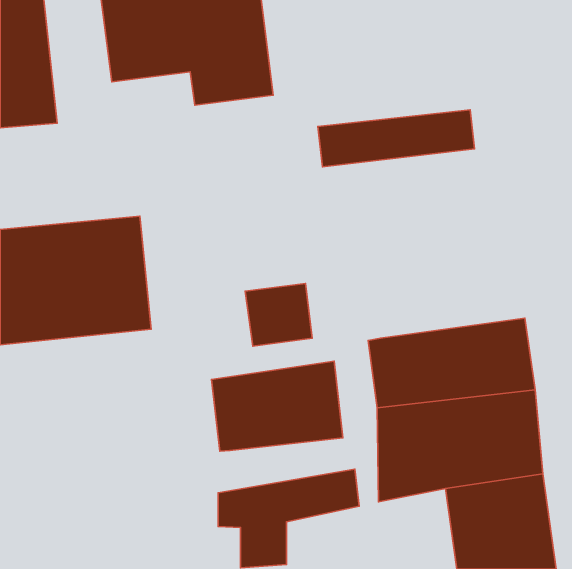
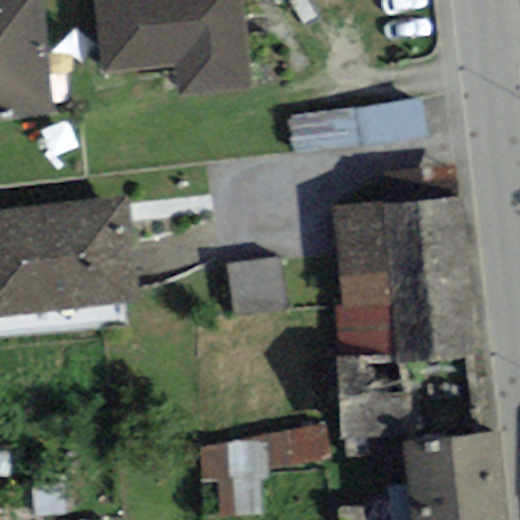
building: none -> [332,193,476,307]
building: [212,361,343,451] -> none

